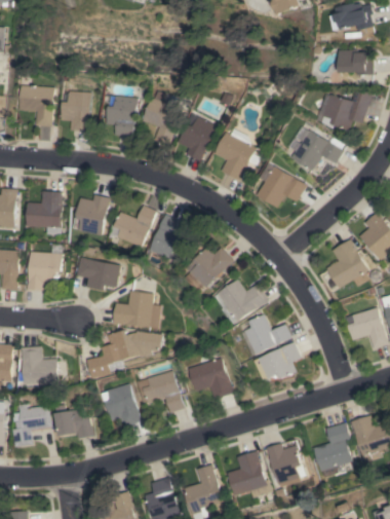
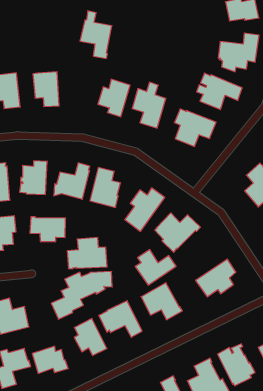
building: [142,87,181,145] -> [80,11,112,58]
building: [246,313,292,354] -> [135,250,176,285]

